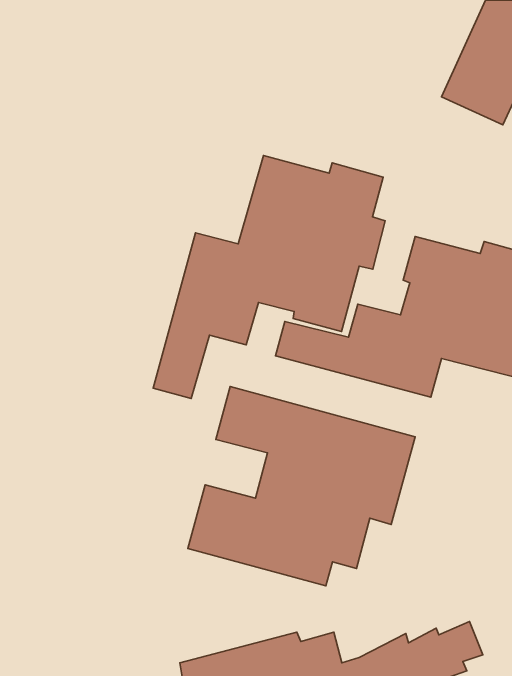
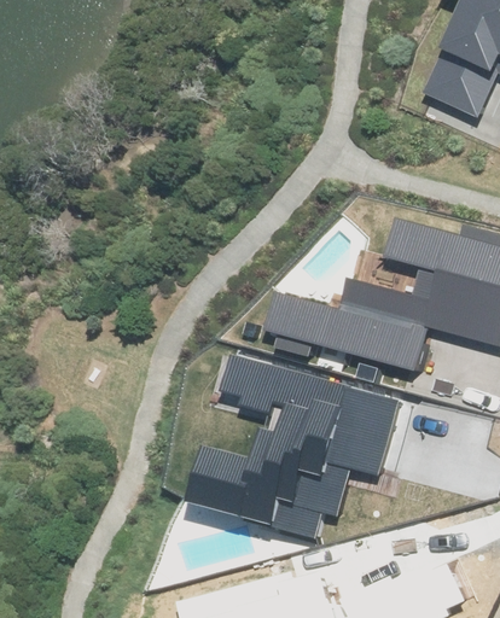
building: [153,155,385,398] -> none

